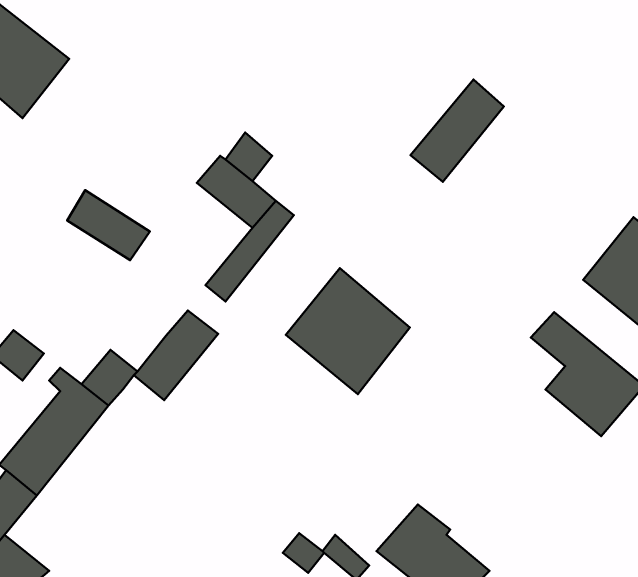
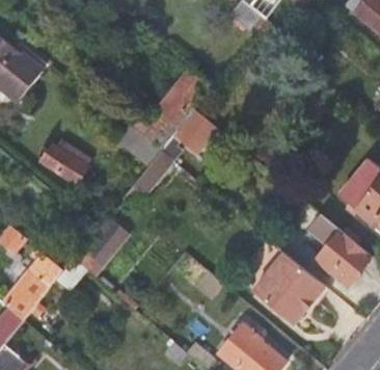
building: [410,80,504,182] -> [152,68,206,127]
building: none -> [172,109,216,154]
building: [286,268,410,394] -> [252,250,324,323]

